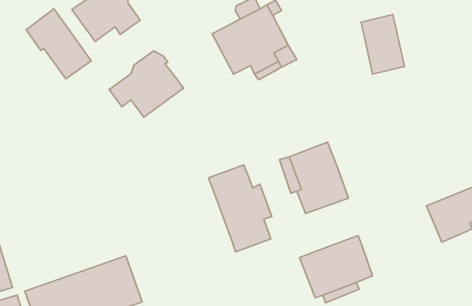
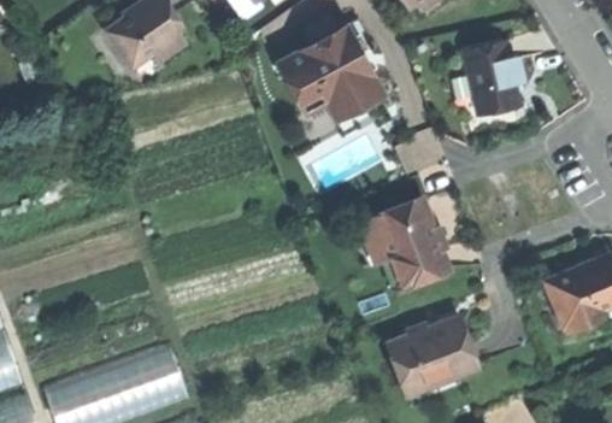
building: [26,9,91,79] -> none
building: [109,51,184,117] -> none
building: [209,165,272,252] -> none

